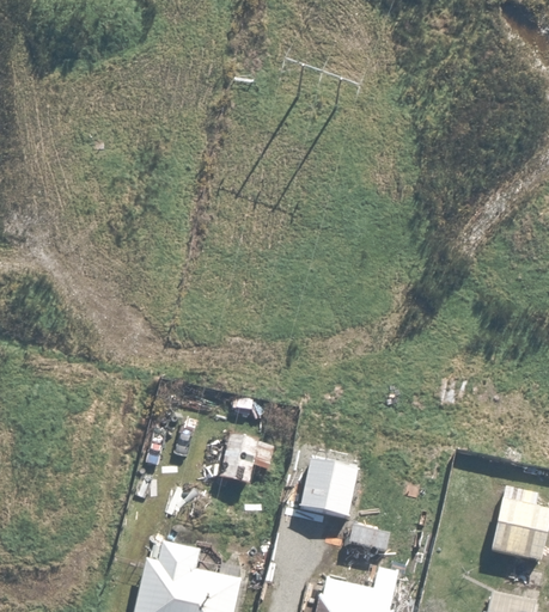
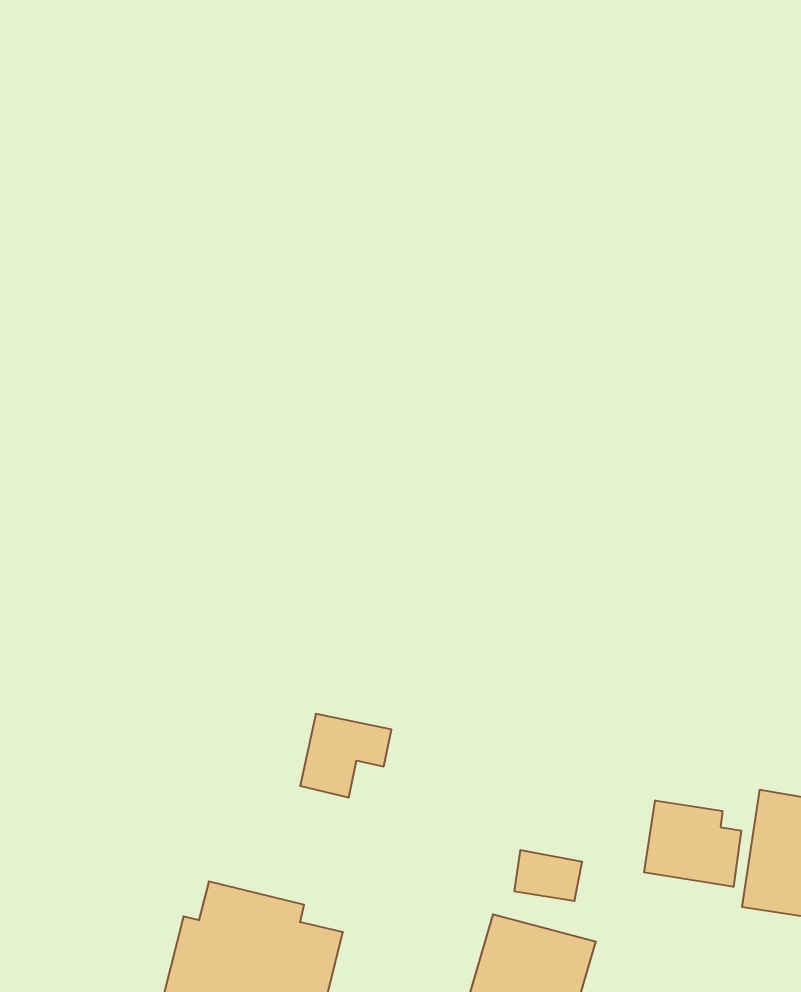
building: [294,463,356,521] -> none
building: none -> [644,800,741,887]

